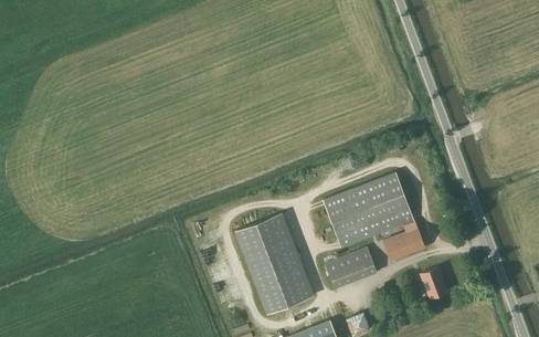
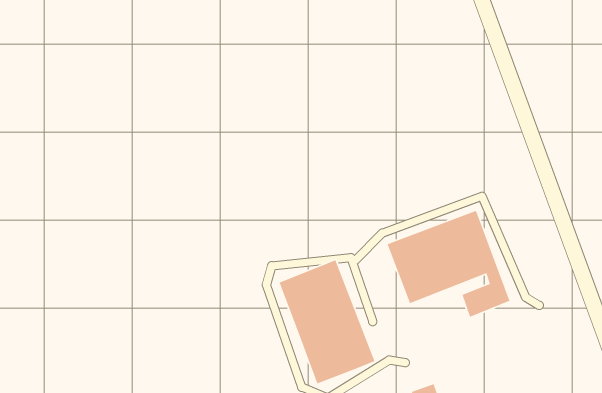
building: [325,246,377,288] -> none
building: [420,267,447,297] -> none

